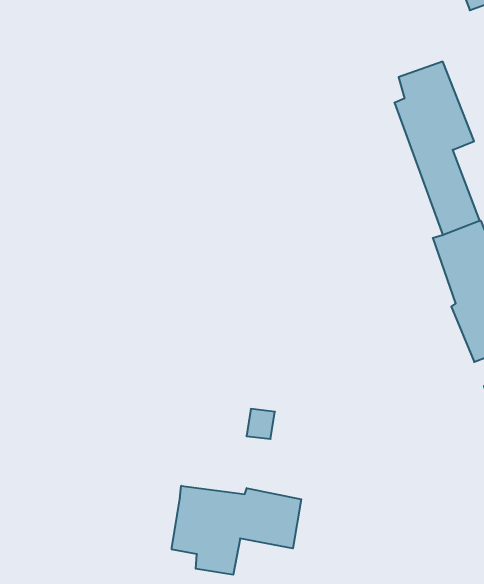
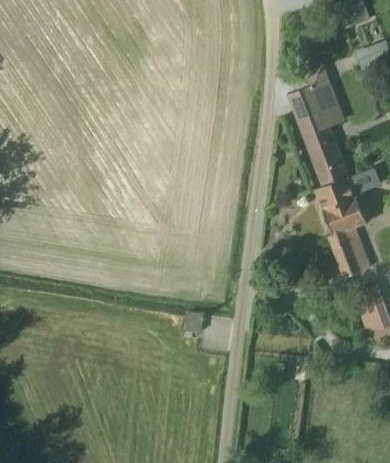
building: [172,486,301,575] -> none

